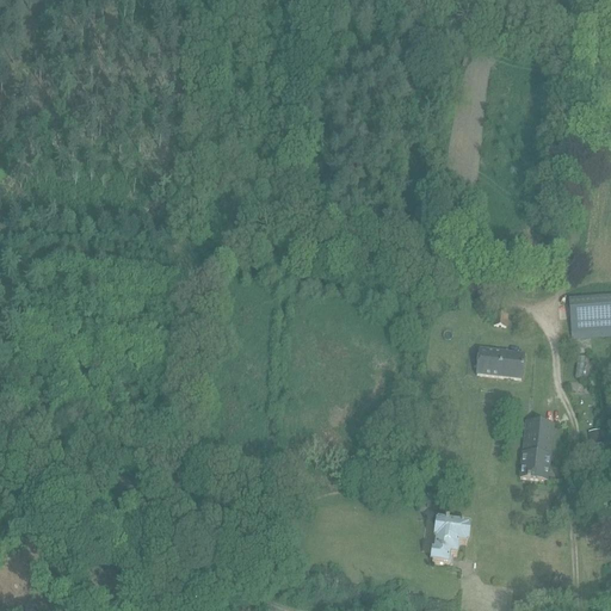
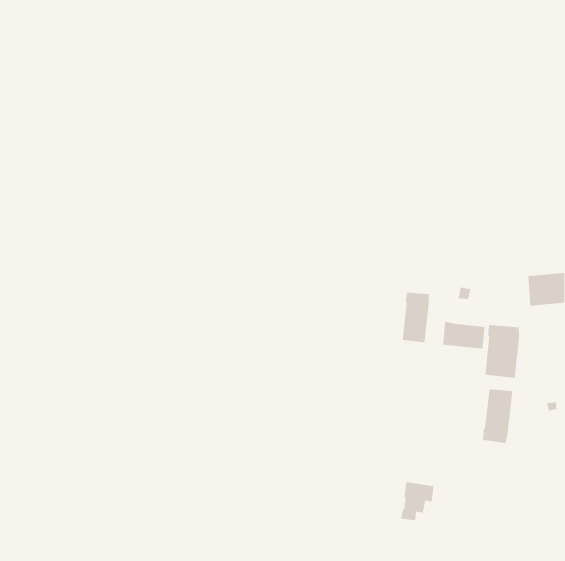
building: none -> [402,292,429,343]
building: none -> [485,324,520,379]

